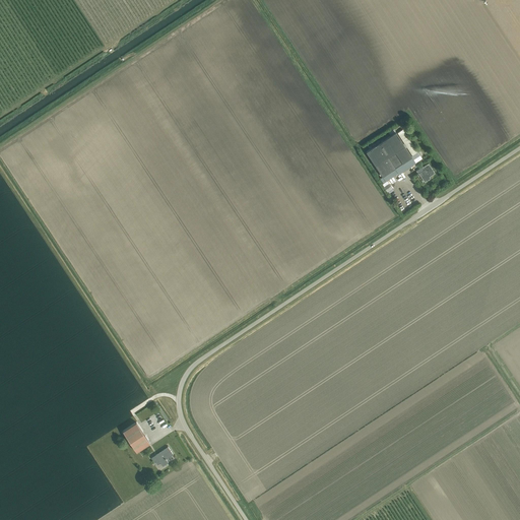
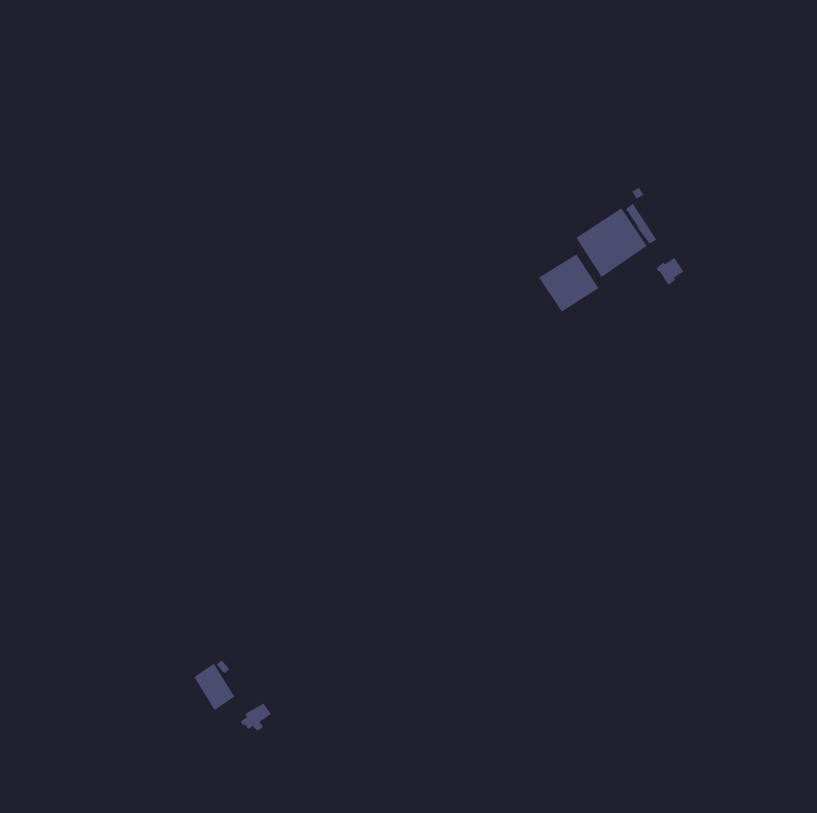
building: none -> [538,254,599,313]

